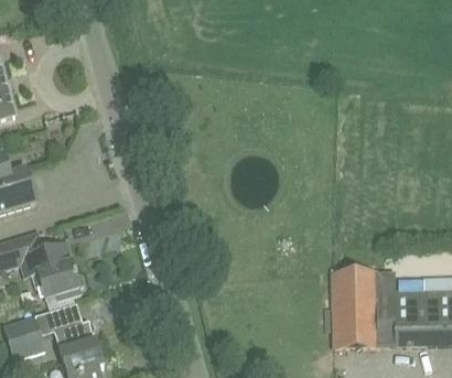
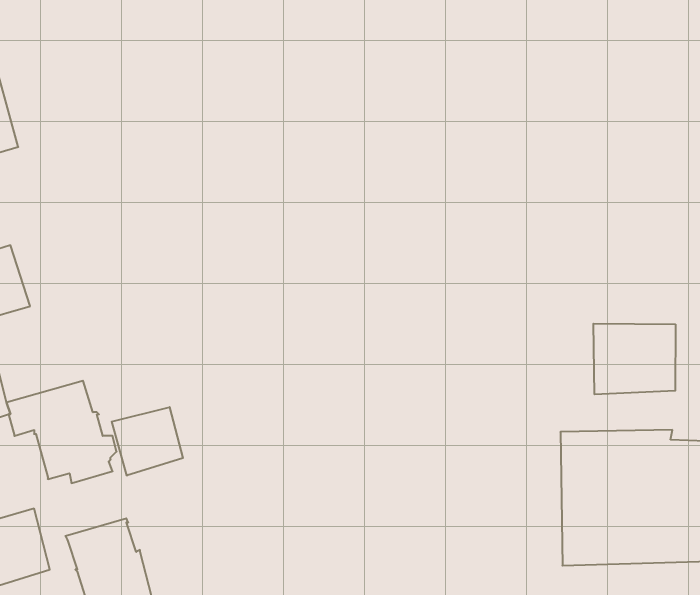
building: none -> [593,324,675,394]
building: none -> [112,407,183,476]

